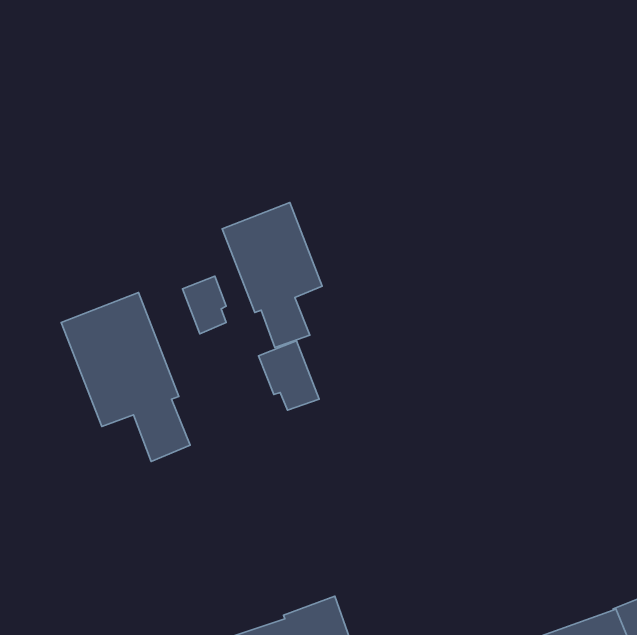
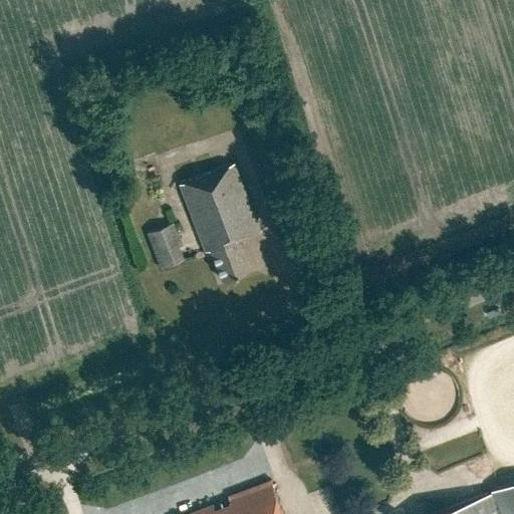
building: [61,293,190,462] -> none
building: [258,341,319,410] -> none

